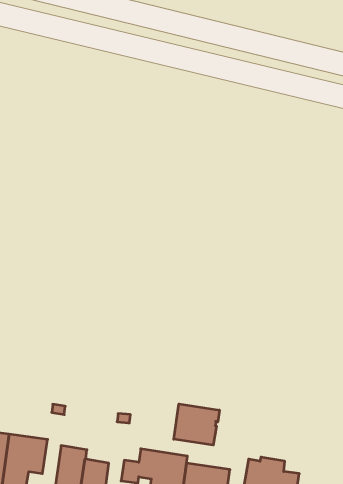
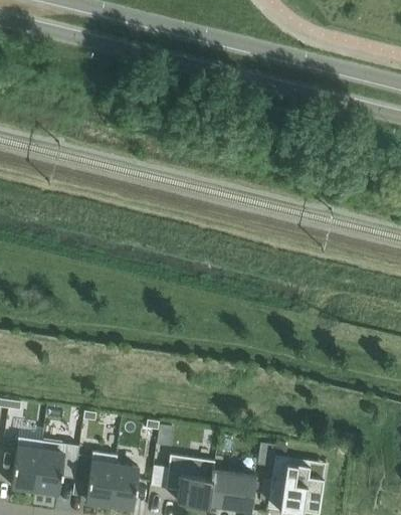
building: [174,404,219,445] -> none

